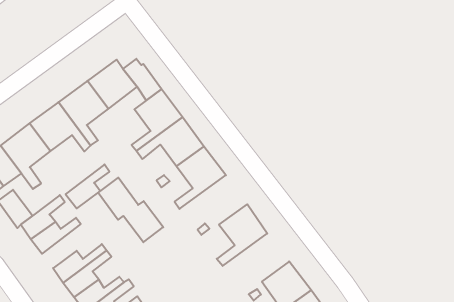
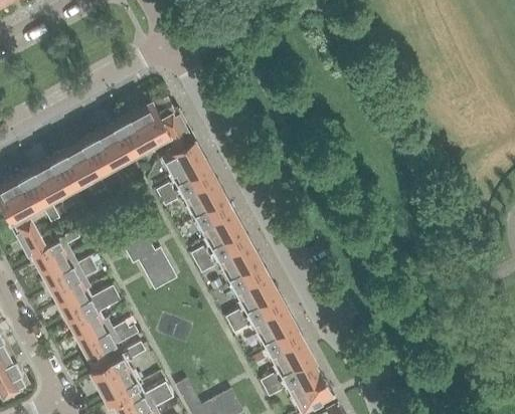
building: [66,164,109,208] -> [50,263,98,303]
building: none -> [195,235,264,283]
building: none -> [230,299,298,347]

